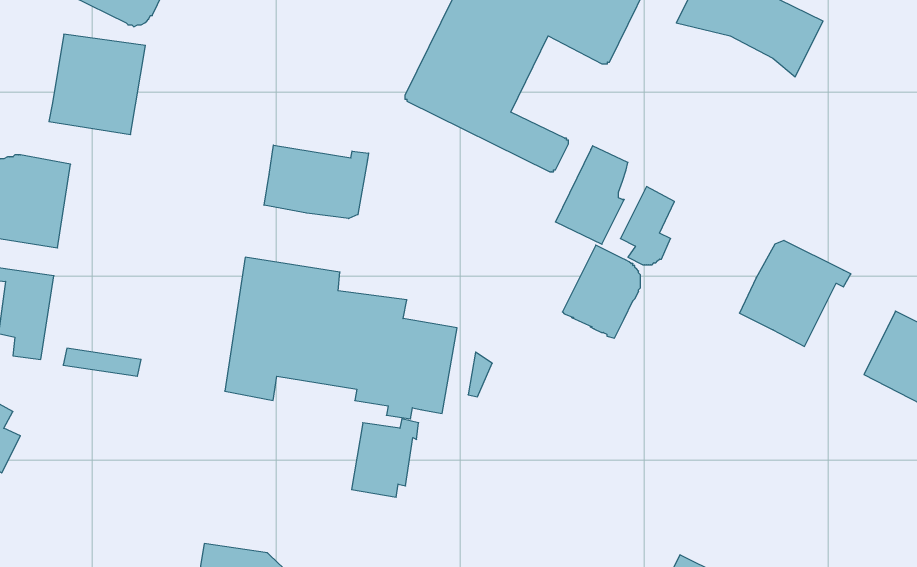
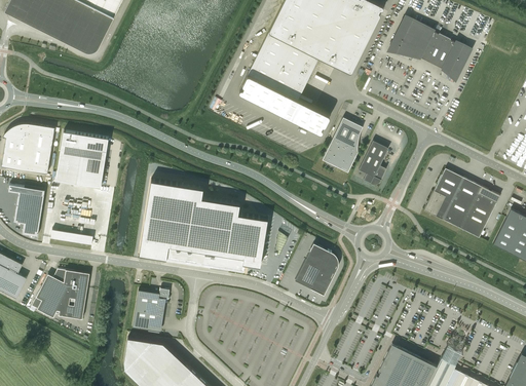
building: [49,34,145,135] -> [57,132,110,188]
building: [264,145,369,219] -> none
building: [562,245,640,338] -> [295,243,338,295]
building: none -> [460,189,500,238]
building: [352,419,419,497] -> [133,288,170,332]
building: none -> [32,269,90,319]

